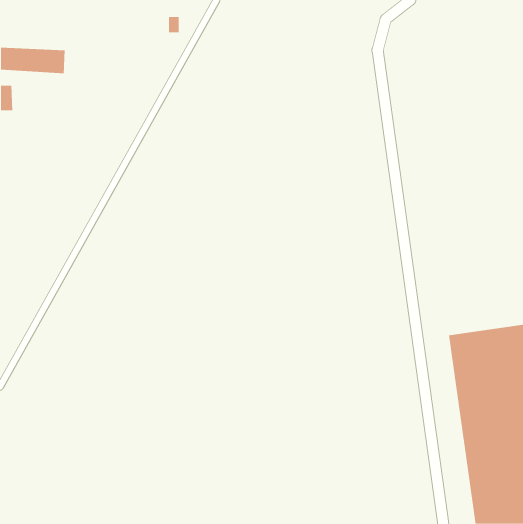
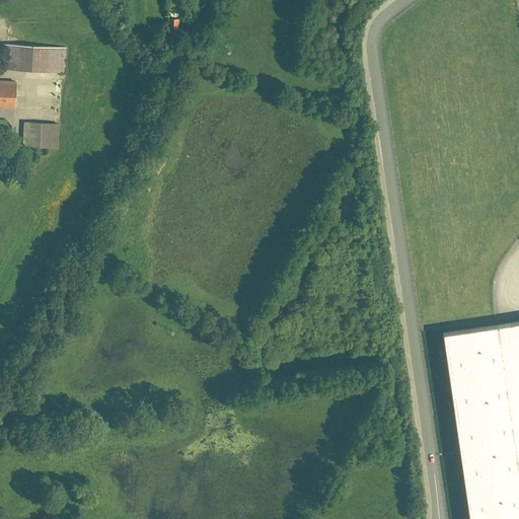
building: none -> [23,123,58,147]

